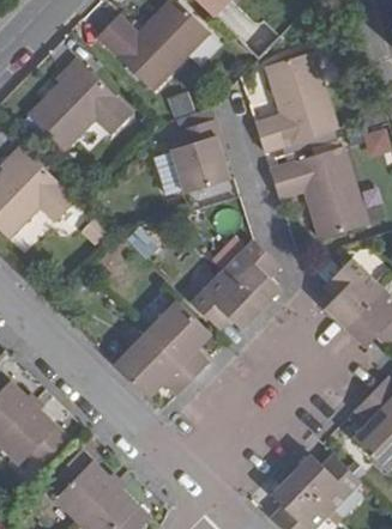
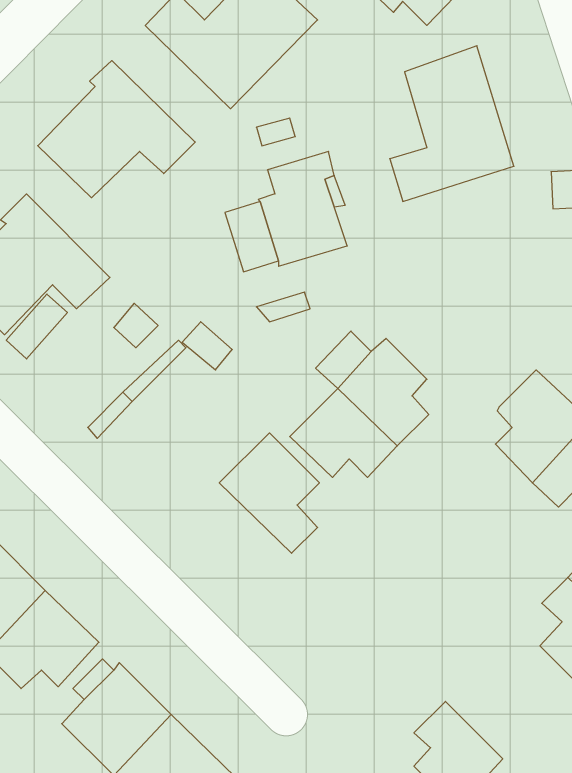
building: [271,147,367,239] -> none
building: [115,333,193,396] -> none
building: [293,454,361,511] -> none

